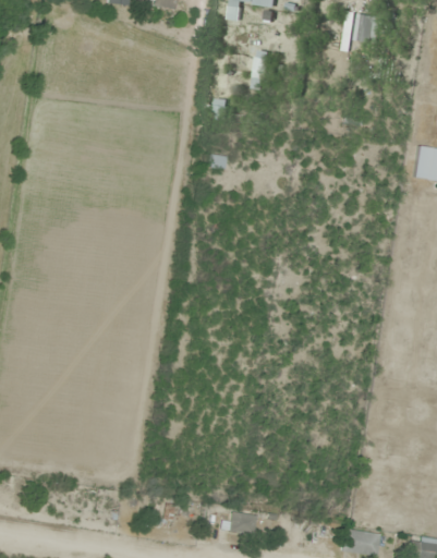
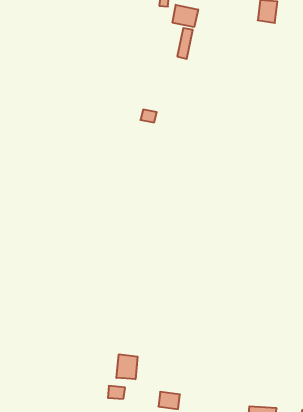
building: none -> [173,5,198,27]
building: none -> [116,354,138,379]

